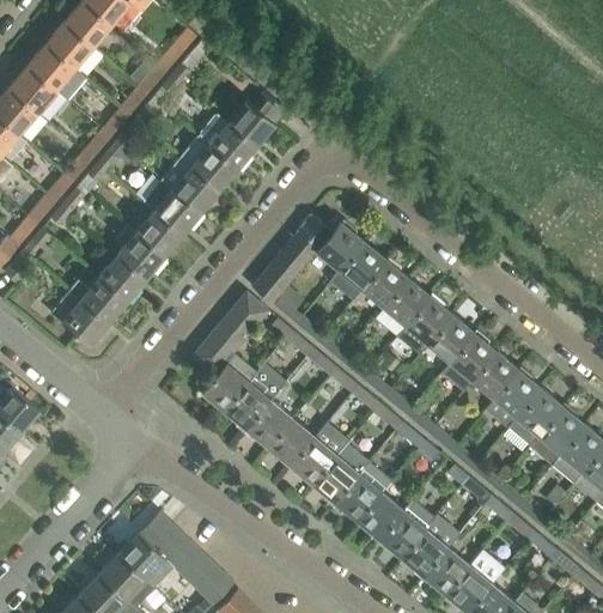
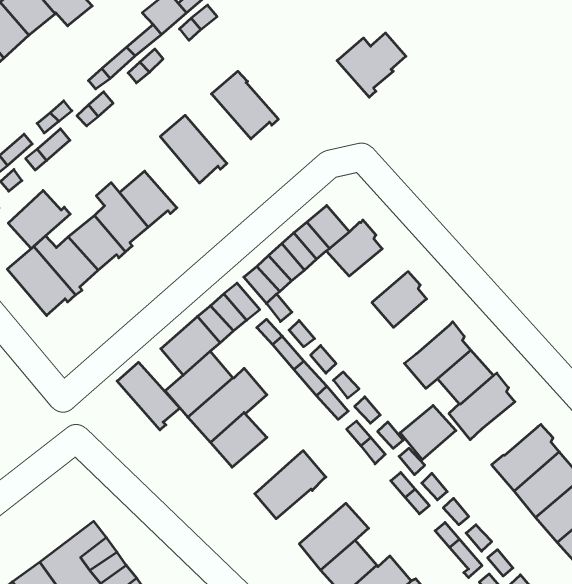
building: [226,92,284,148] -> [337,33,406,97]
building: [179,136,238,193] -> none
building: [145,180,201,237] -> none
building: none -> [8,190,70,249]
building: [334,243,386,297] -> none
building: [384,279,431,327] -> none
building: [473,353,519,400] -> [400,405,456,459]
building: none -> [117,362,180,430]
building: [268,418,315,467] -> none
building: [312,444,368,503] -> none

